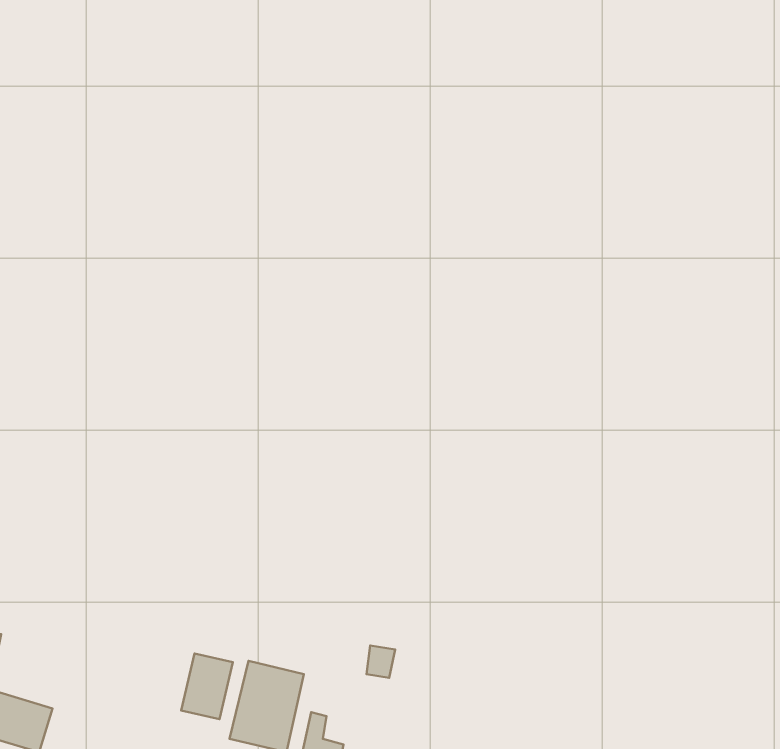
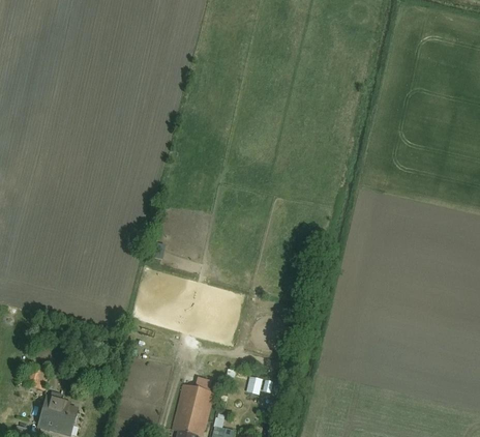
building: [181,653,233,719] -> none

